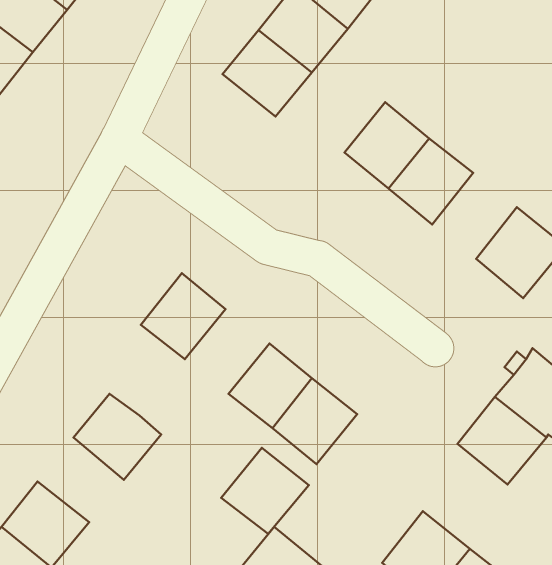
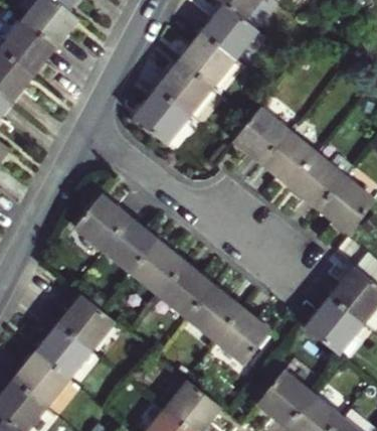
building: none -> [133,89,189,144]
building: none -> [290,152,344,207]
building: none -> [73,194,129,250]
building: none -> [131,240,185,294]
building: none -> [36,322,91,377]
building: [221,448,309,534] -> [215,307,271,363]

